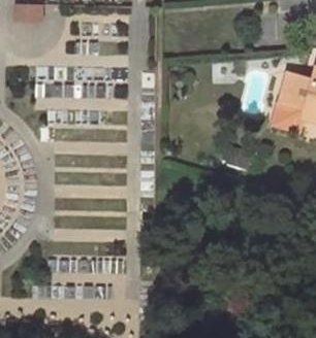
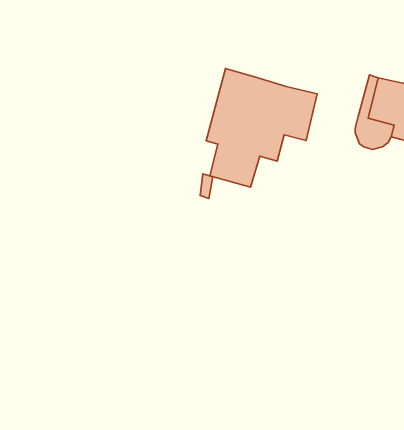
building: none -> [206,69,317,187]

